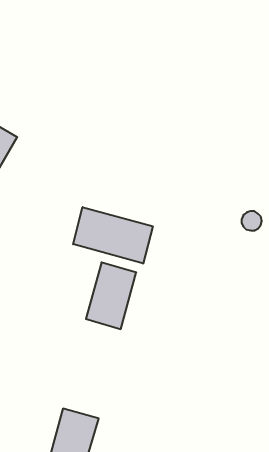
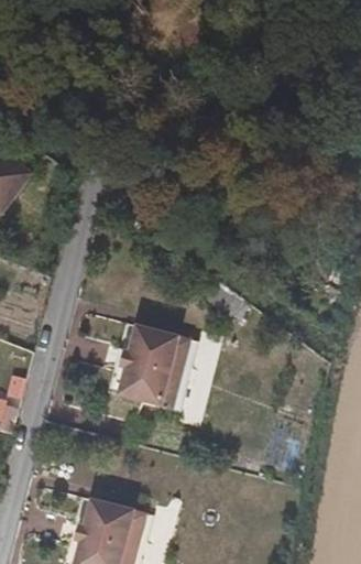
building: [73,207,153,264] -> none

